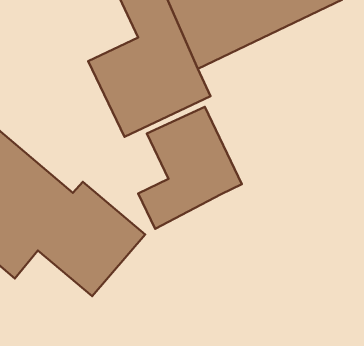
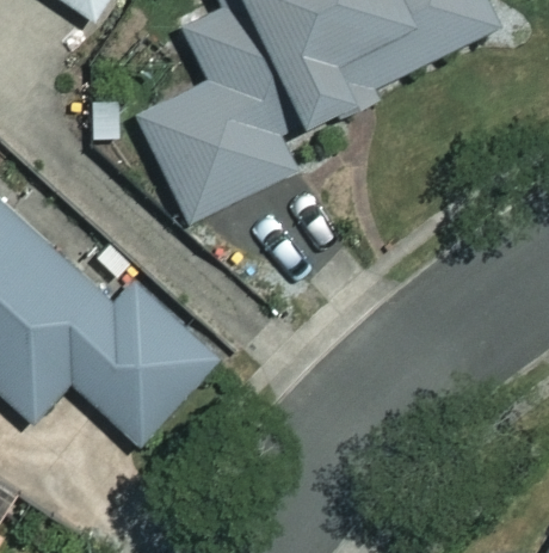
building: [138,107,242,229] -> none

